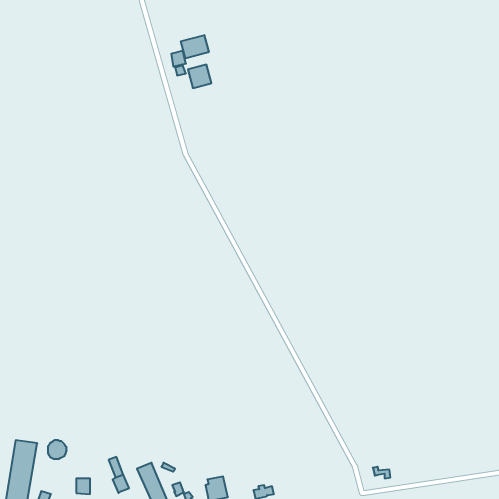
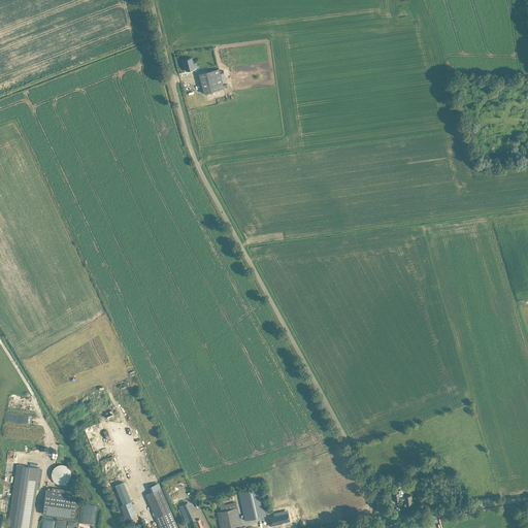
building: [181,35,209,58] -> none
building: none -> [41,490,76,520]
building: none -> [238,490,264,521]

